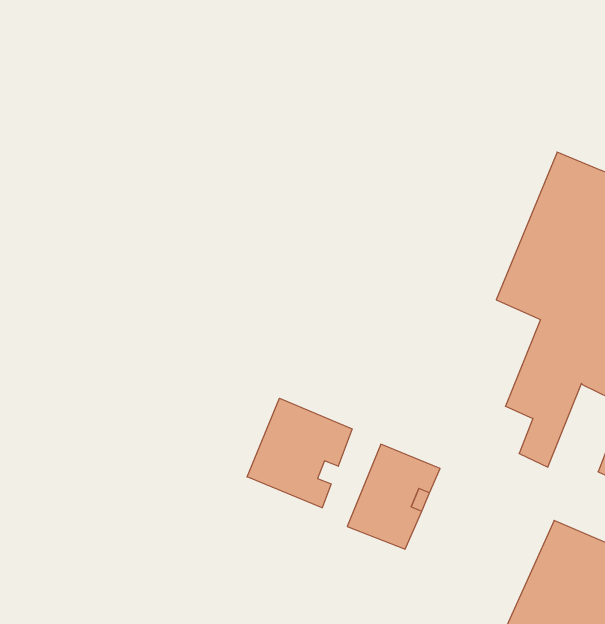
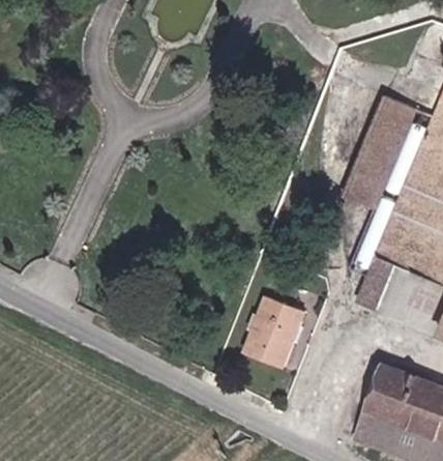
building: [247,398,352,508] -> none

